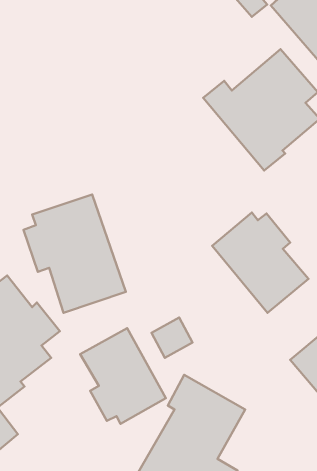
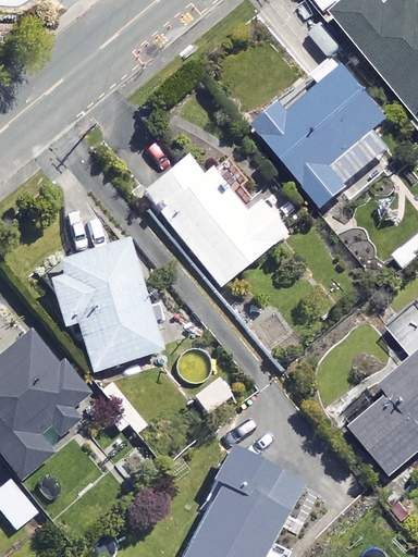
building: none -> [139,152,283,284]
building: [212,213,309,313] -> none
building: [80,328,166,424] -> none

